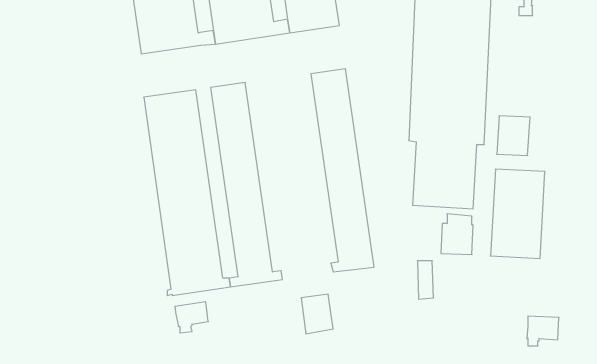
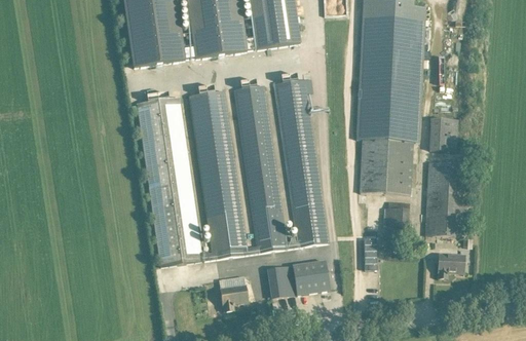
building: none -> [234,83,294,253]
building: none -> [292,260,330,294]
building: [175,302,208,333] -> [220,285,248,310]
building: [527,316,559,346] -> [438,253,464,277]

